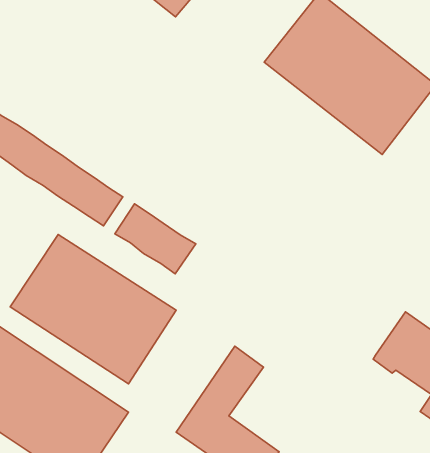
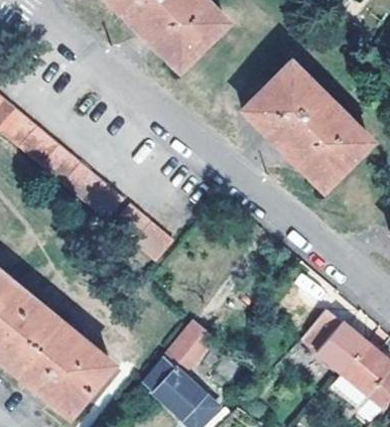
building: [10,235,176,384] -> none

